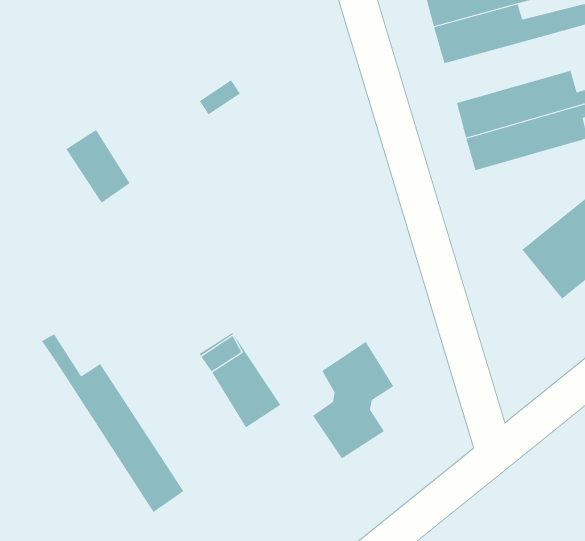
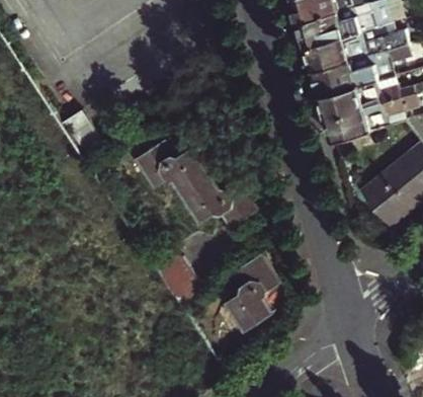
building: none -> [312,48,397,94]
building: none -> [135,136,258,225]
building: [41,334,184,513] -> none

